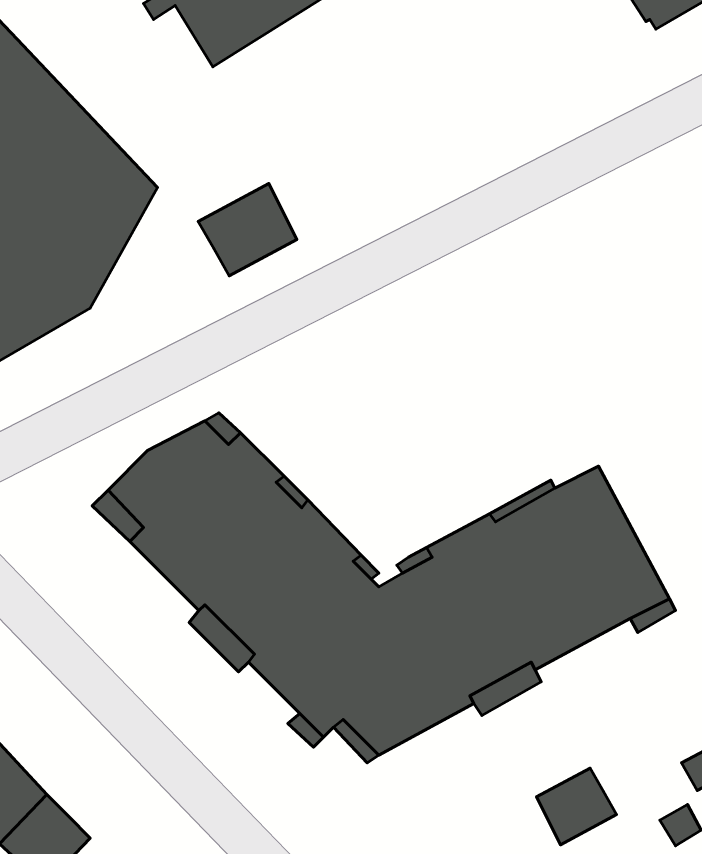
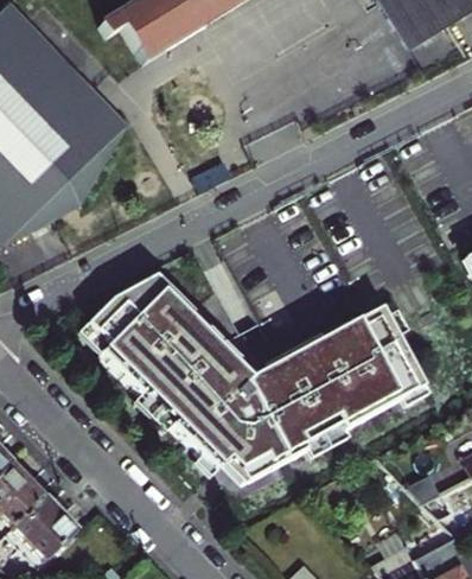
building: [198,183,297,276] -> none
building: [537,768,617,845] -> none

